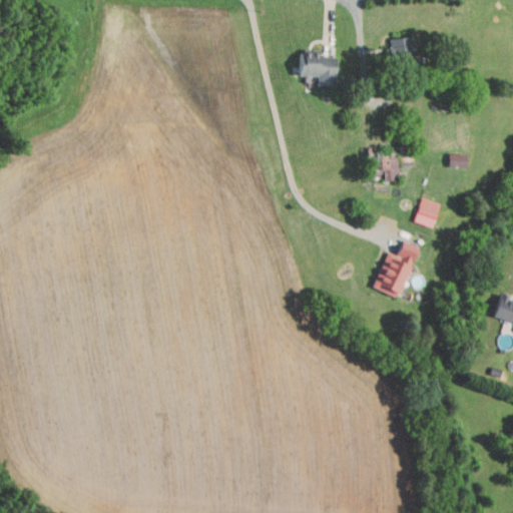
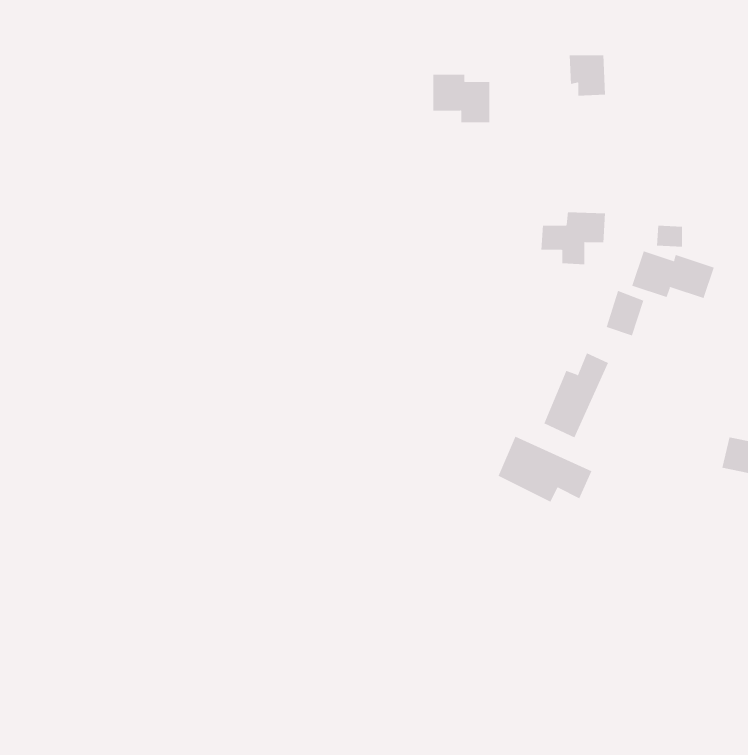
building: none -> [632,251,715,299]
building: none -> [498,436,592,502]

